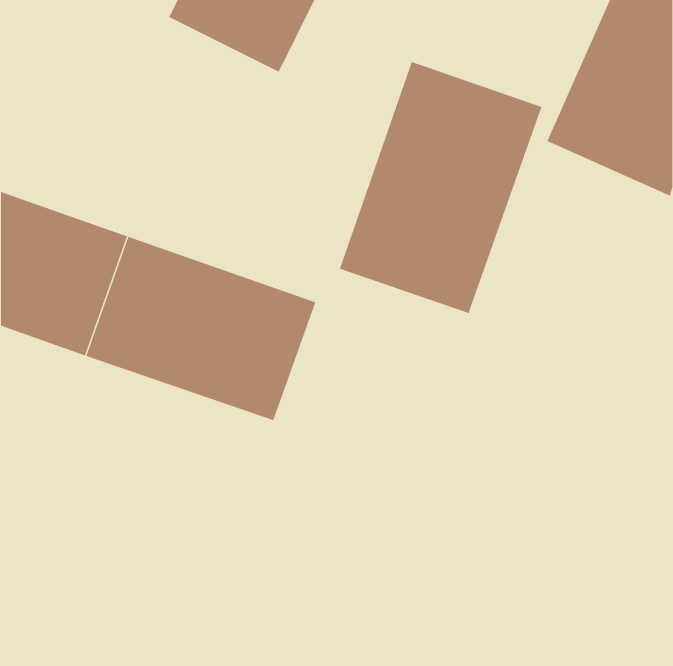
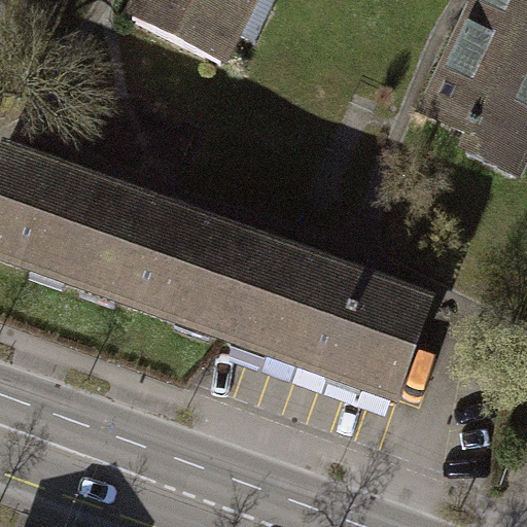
building: [339,61,542,314] -> none
building: none -> [214,236,430,392]

